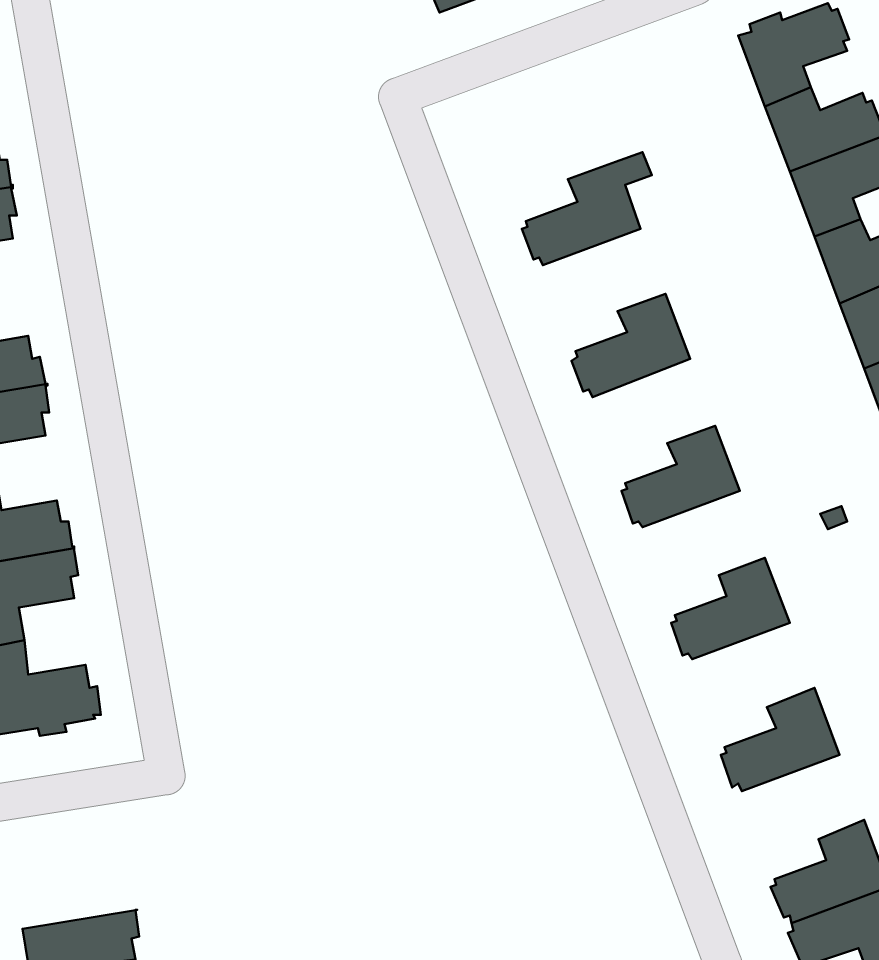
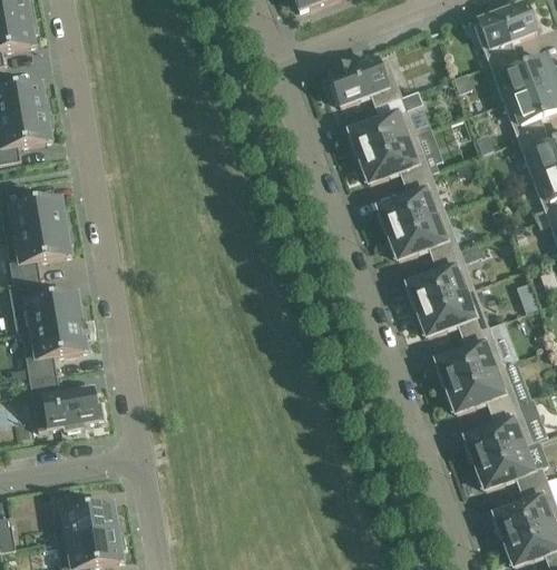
building: none -> [329,56,402,106]
building: none -> [358,135,431,183]
building: none -> [387,210,460,259]
building: none -> [416,287,489,336]
building: none -> [444,364,518,413]
building: none -> [473,441,547,490]
building: none -> [52,502,124,542]

